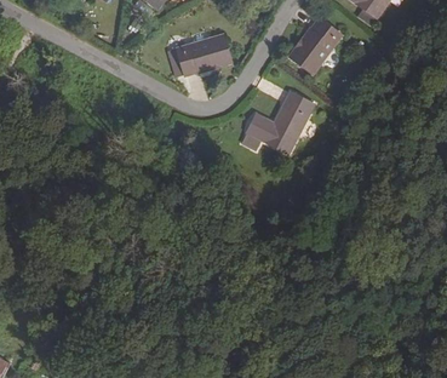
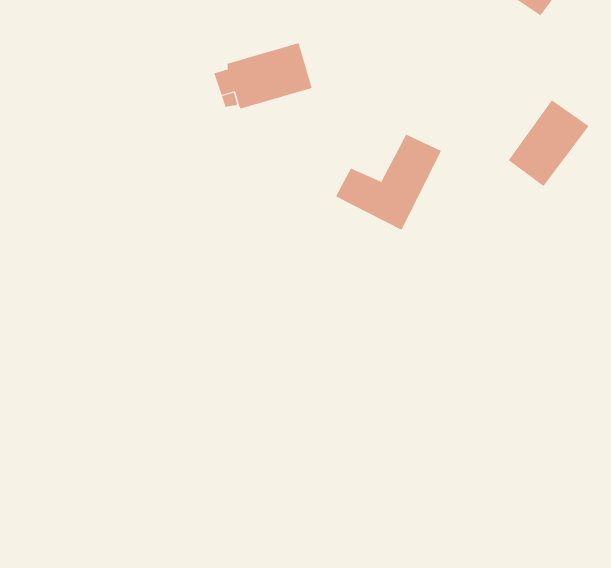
building: [290,17,342,73] -> [508,99,590,187]

